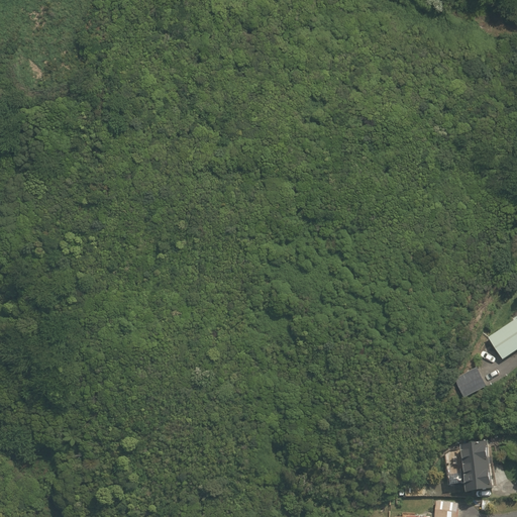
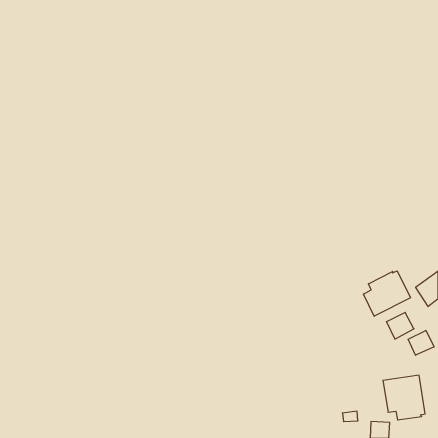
building: none -> [363,271,411,316]
building: none -> [408,330,434,355]

